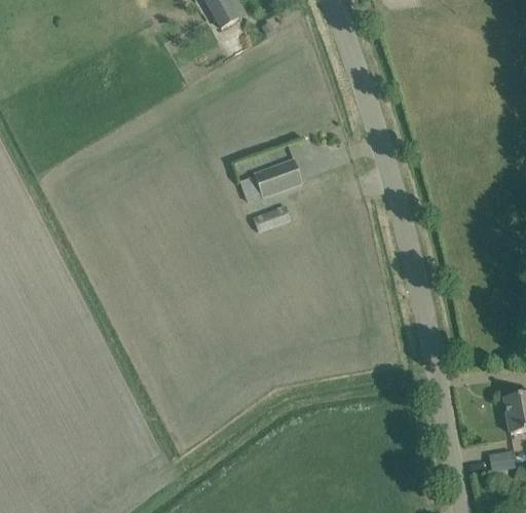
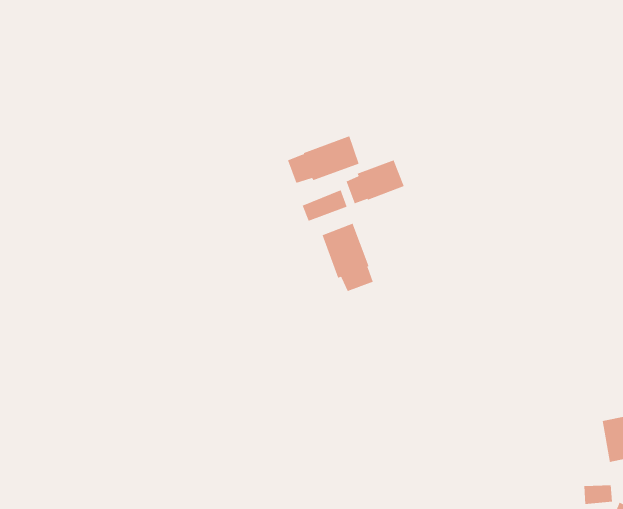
building: none -> [346,159,405,204]
building: none -> [322,223,373,292]

